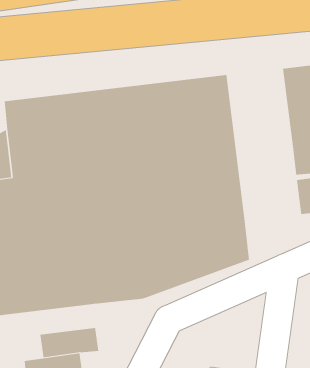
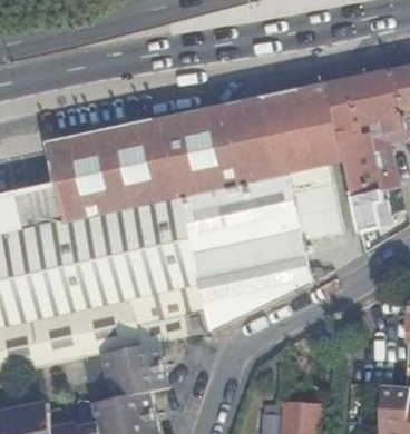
building: none -> [272,85,343,241]
building: none -> [104,338,164,374]

